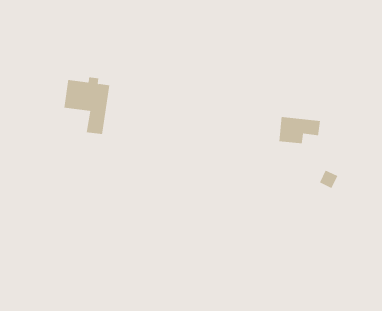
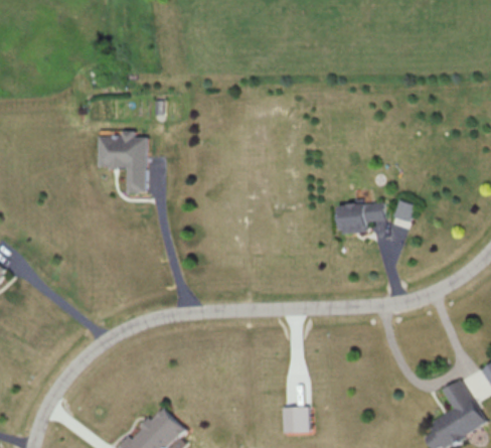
building: [278,116,321,144] -> [338,203,383,233]

